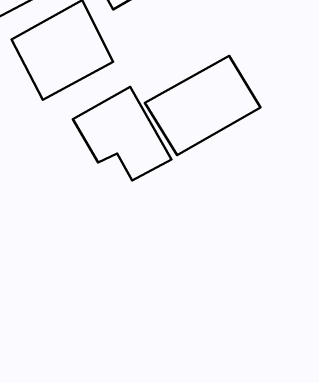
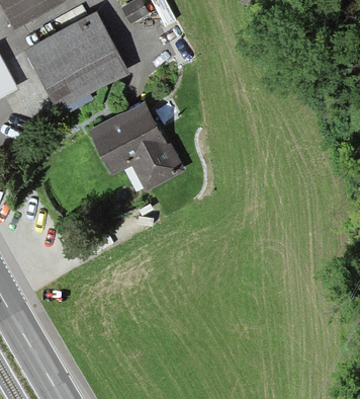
building: [145,56,260,155] -> none

